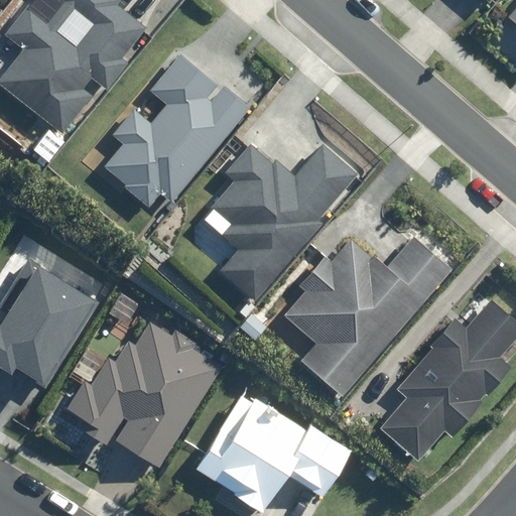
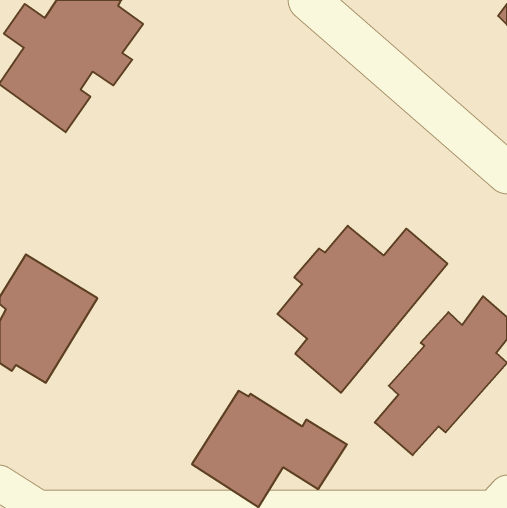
building: [102,47,251,209] -> none
building: [210,139,356,304] -> none
building: [63,319,222,468] -> none

